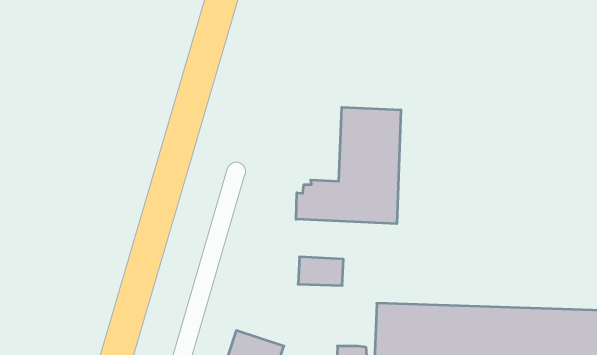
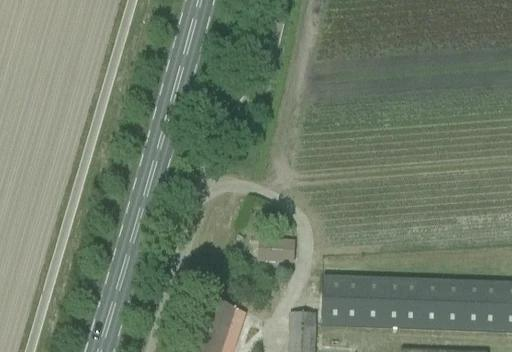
building: [296,107,401,224] -> none

